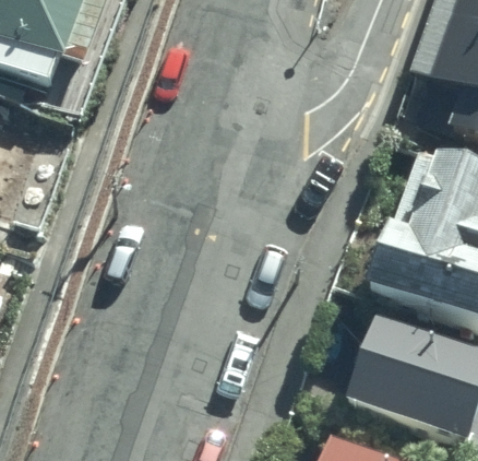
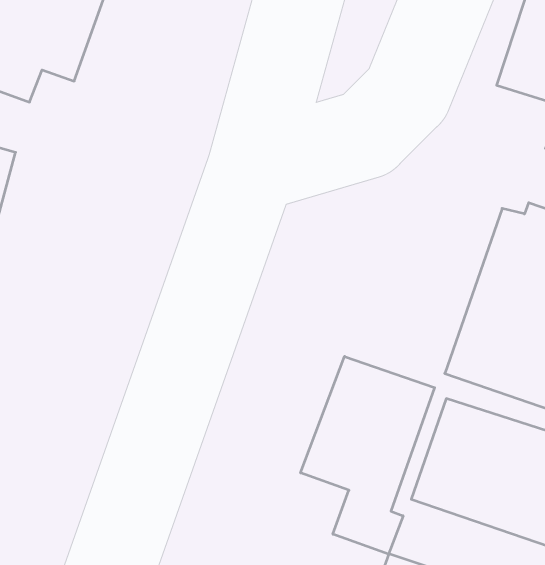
building: none -> [301,356,435,554]

